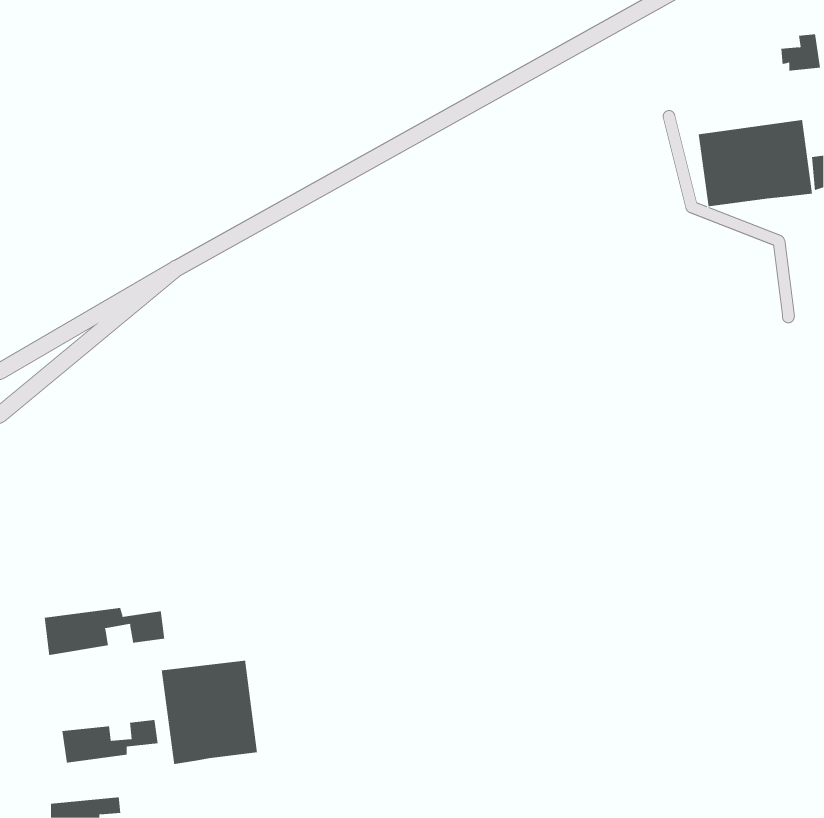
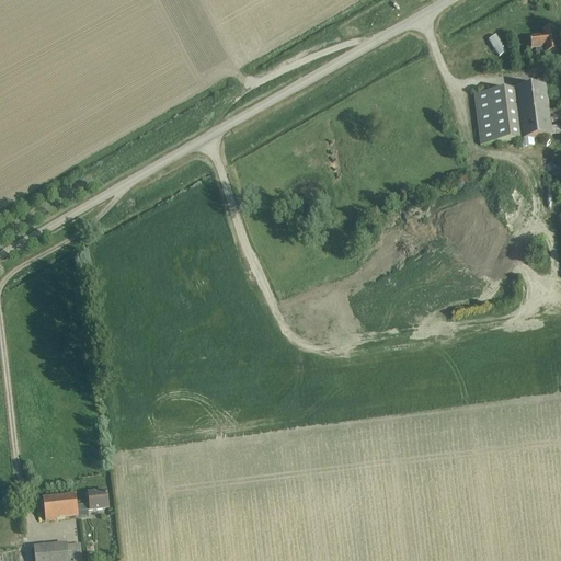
building: [44,607,165,656] -> none
building: [161,660,258,765] -> none

